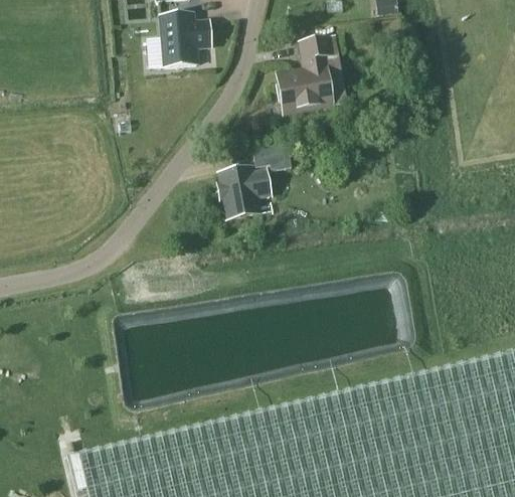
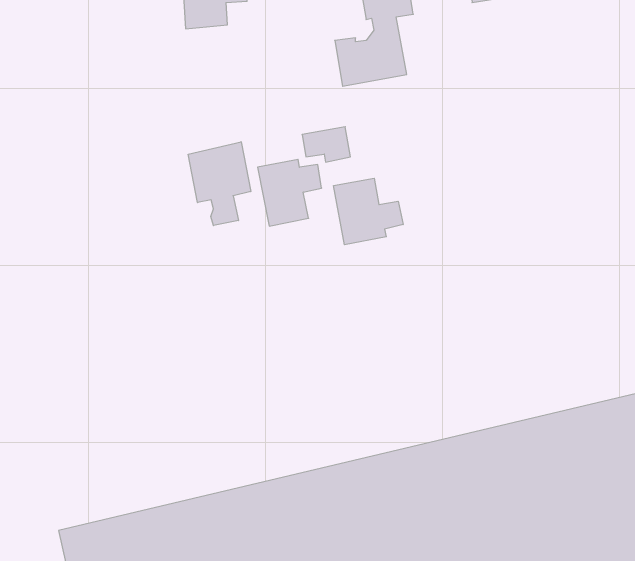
building: none -> [188,142,251,226]
building: none -> [334,178,403,245]

